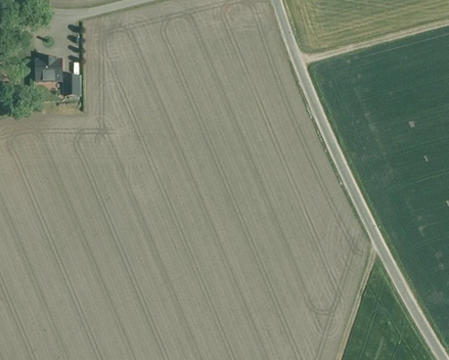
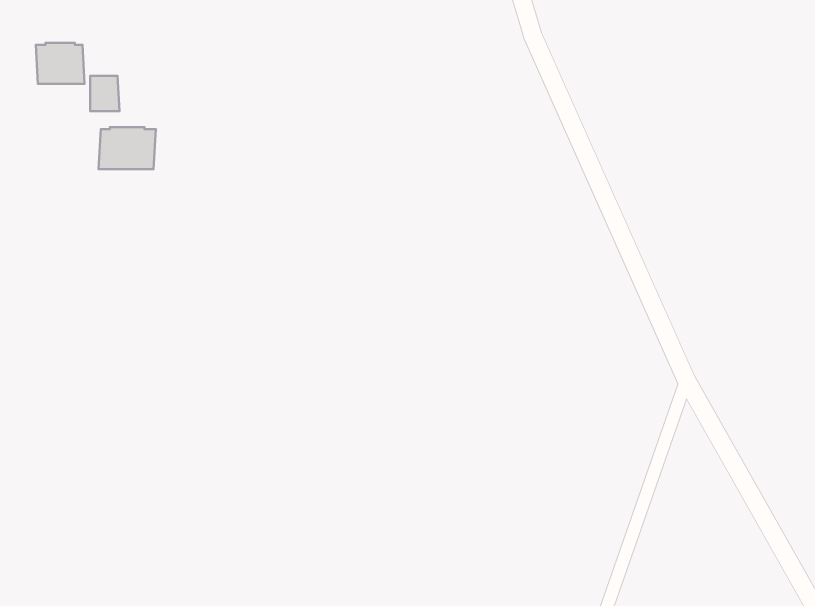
building: none -> [98,127,156,169]

